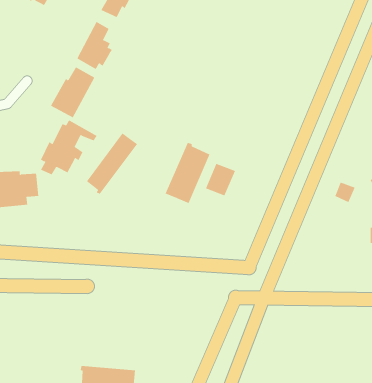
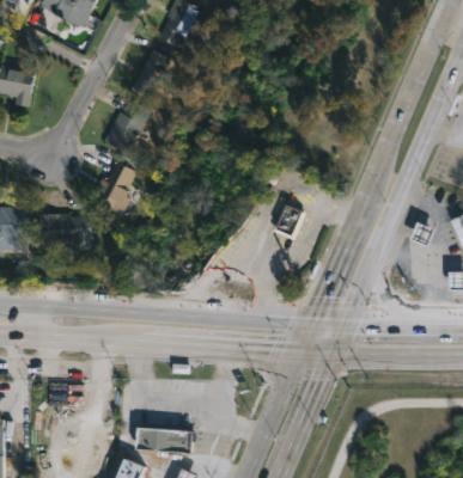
building: [86,133,138,194] -> none
building: [165,142,210,204] -> none

